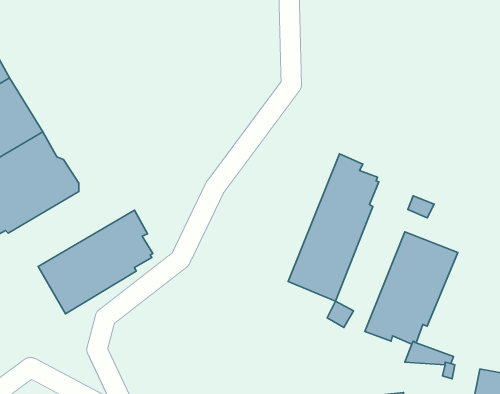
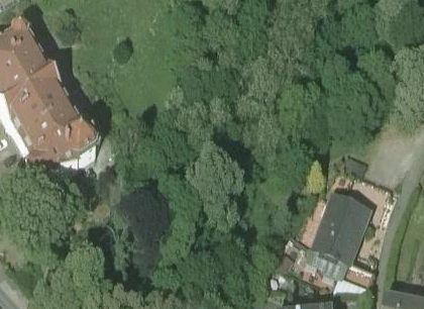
building: [288,154,379,301] -> none
building: [38,210,153,314] -> none

